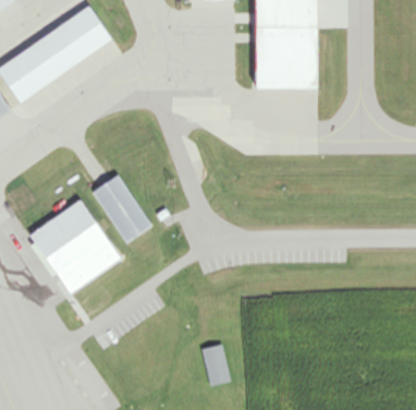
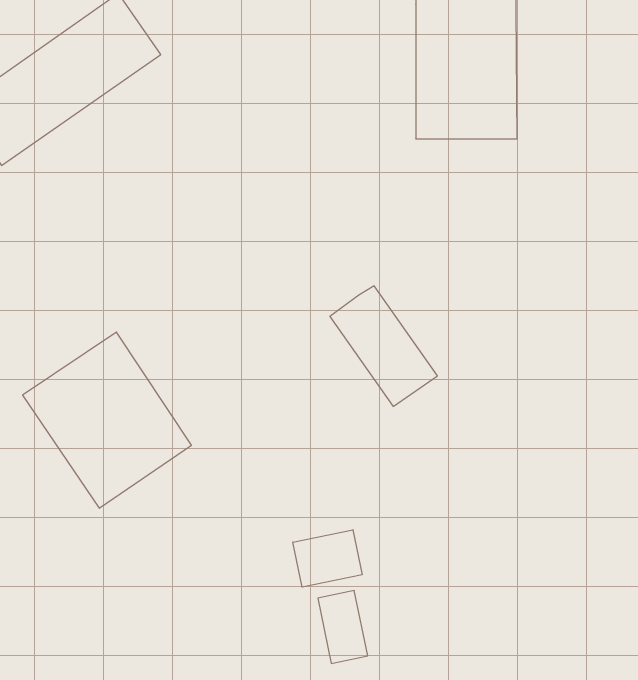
building: [97,179,158,248] -> [330,286,437,406]
building: none -> [293,530,362,587]

